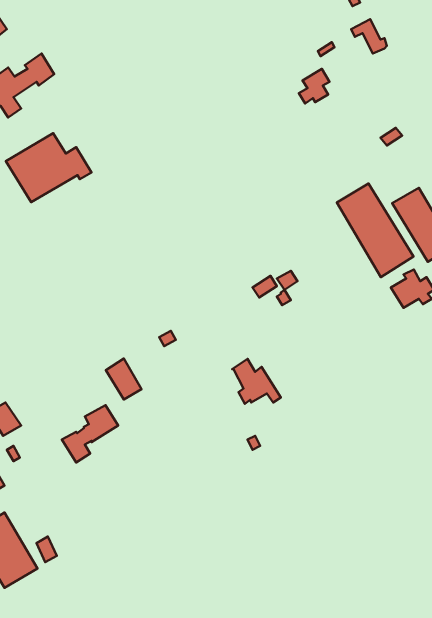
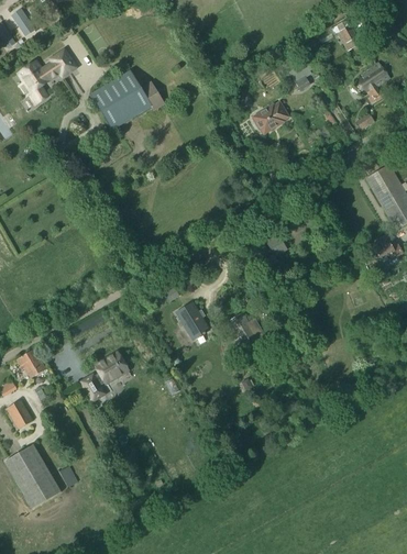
building: none -> [355,60,389,103]
building: none -> [254,102,289,133]
building: [6,133,91,202] -> [89,70,163,130]
building: [337,184,413,277] -> none
building: [106,359,142,400] -> [177,303,208,339]

